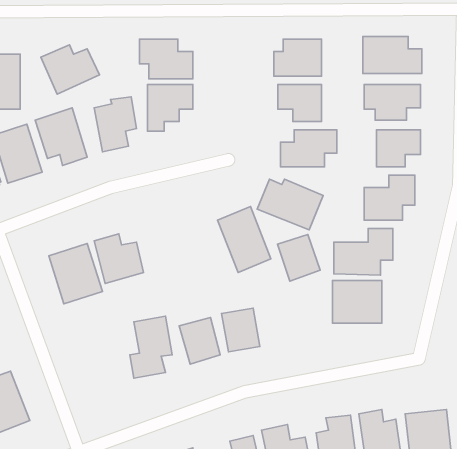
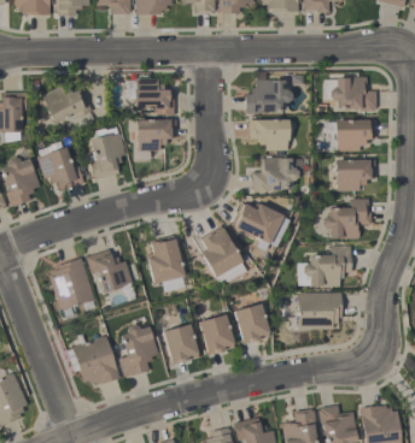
building: none -> [146,238,185,290]
building: [278,235,320,281] -> [234,303,271,344]
building: none -> [72,336,119,389]

